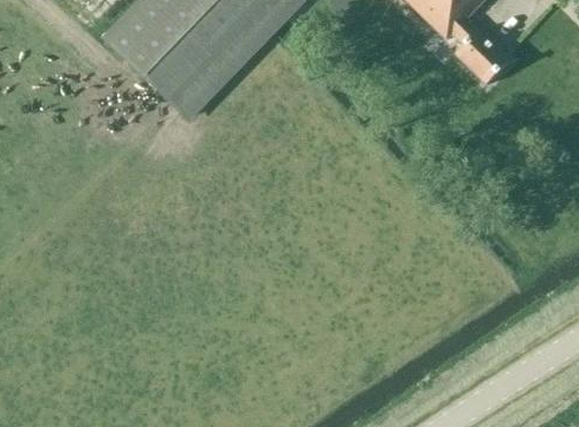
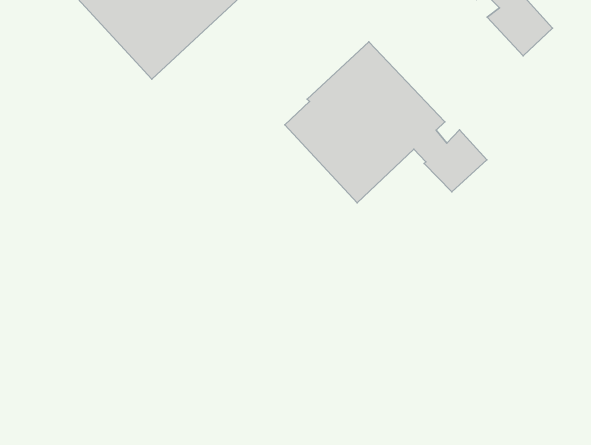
building: none -> [285,42,487,203]

